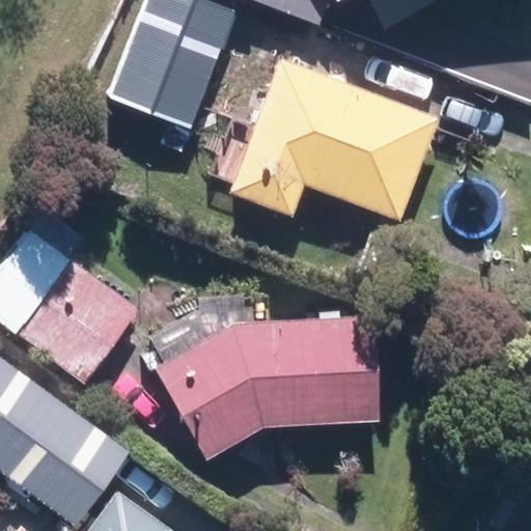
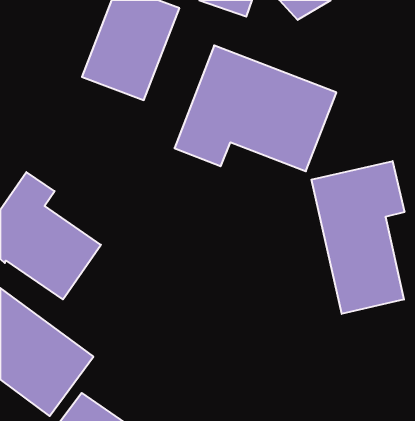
building: none -> [311,161,404,314]
building: [149,316,369,459] -> none

